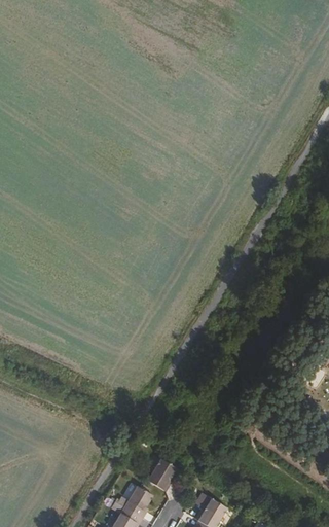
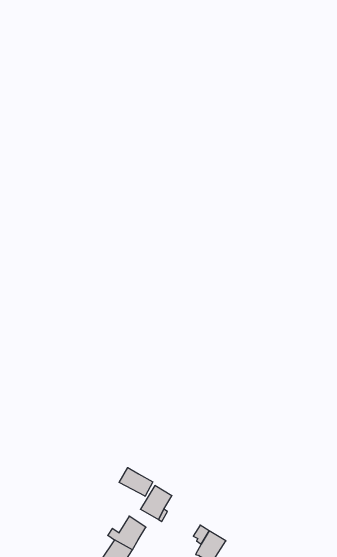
building: none -> [119,468,153,496]

